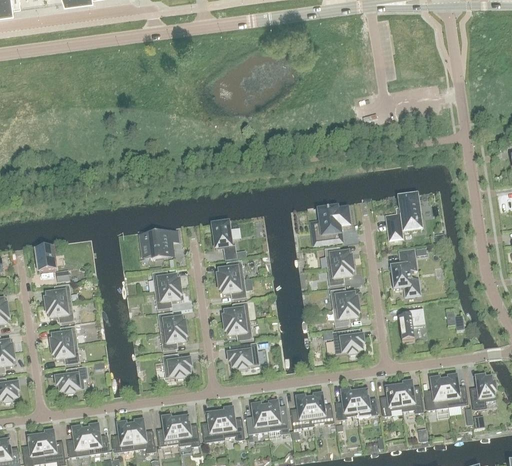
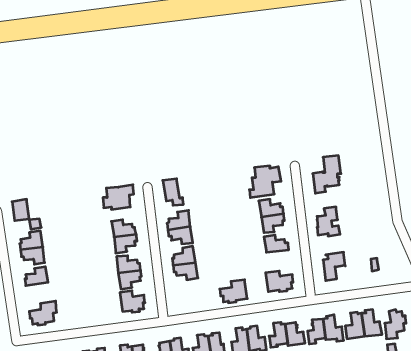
building: [332,303,359,325] -> none
building: [227,340,259,367] -> [220,280,247,303]
building: [51,341,79,362] -> none

